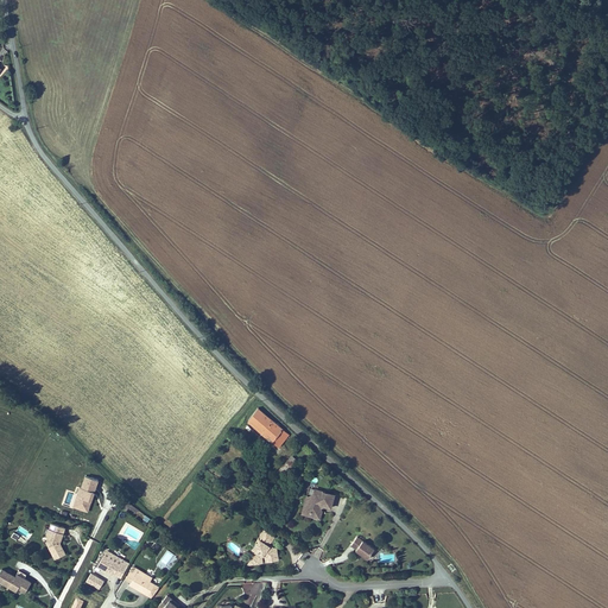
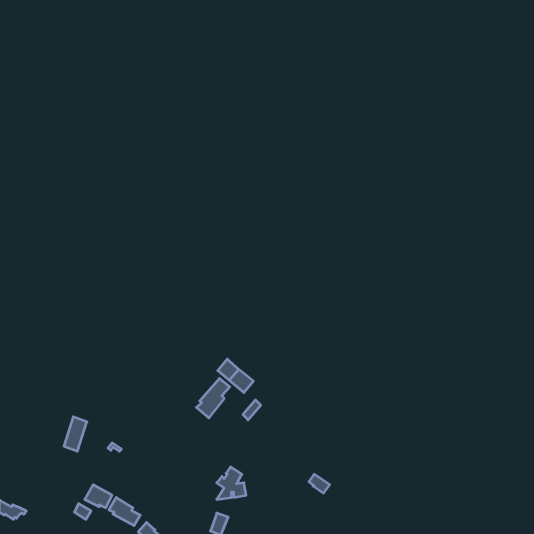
building: none -> [196,378,230,418]
building: [300,490,334,522] -> none
building: [44,521,65,559] -> none

